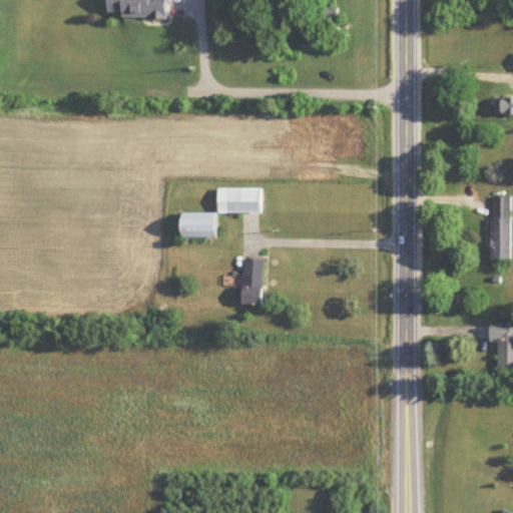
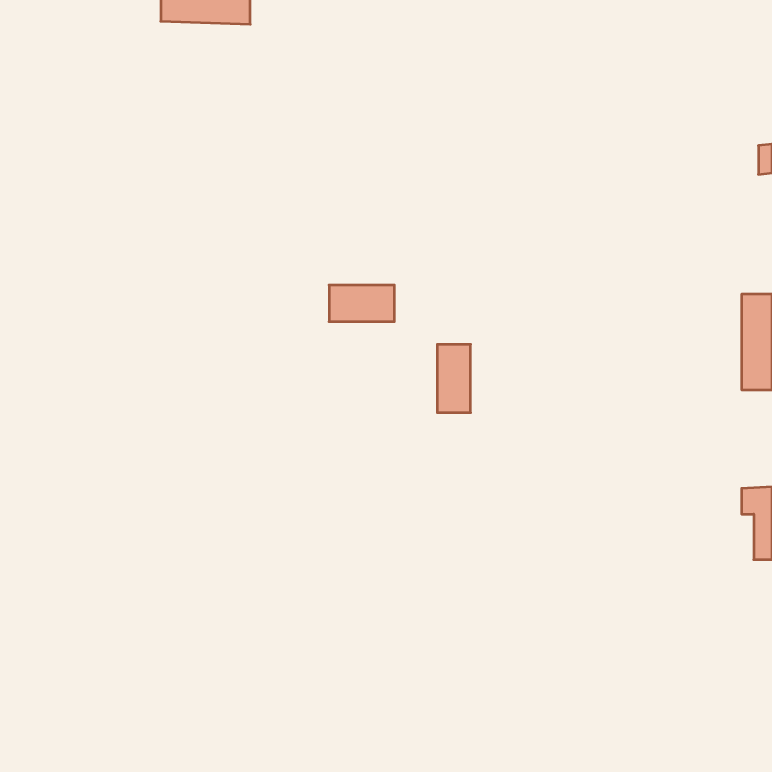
building: [181,212,215,237] -> none
building: [242,259,265,304] -> [437,344,471,413]

